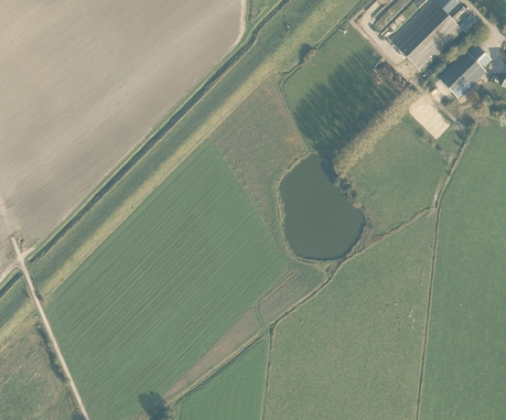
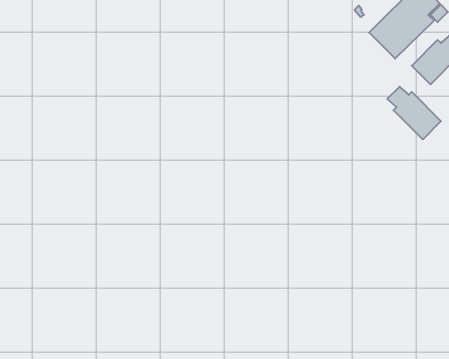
building: none -> [387,87,441,139]

